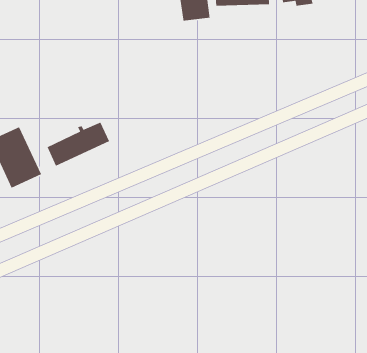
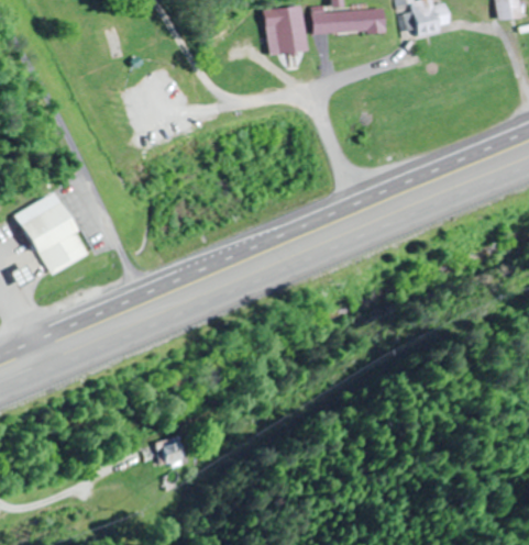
building: [46,121,110,167] -> none
building: none -> [154,436,187,467]

